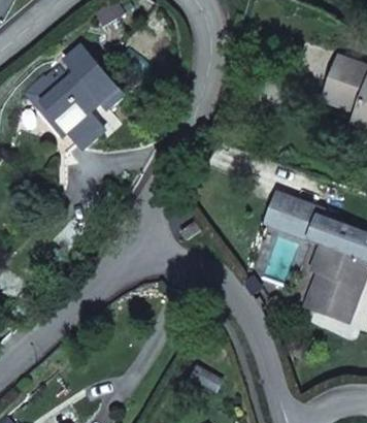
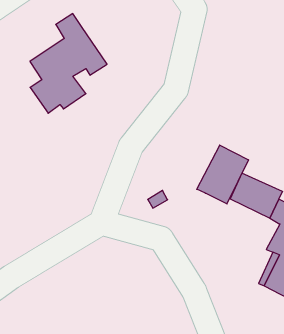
building: none -> [197,145,248,204]

